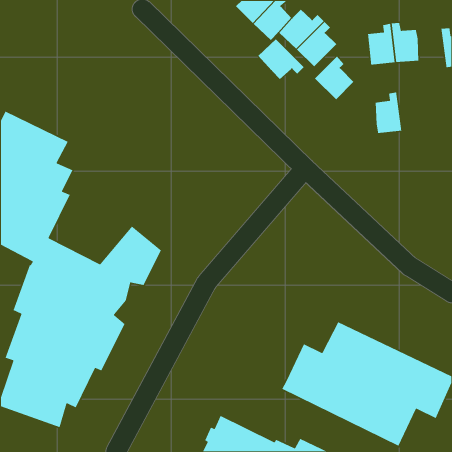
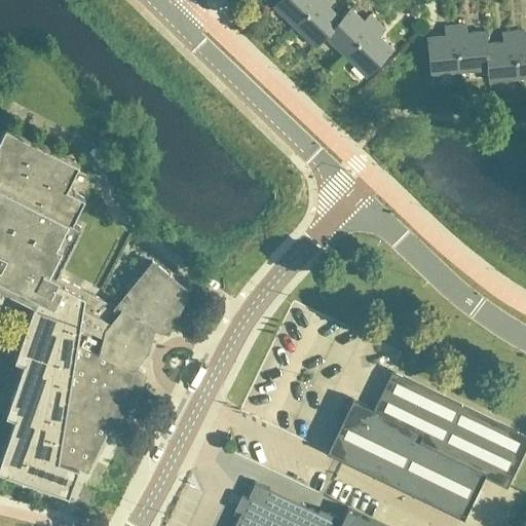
building: [258,38,304,80] -> none
building: [314,56,354,100] -> none
building: [375,91,402,134] -> [486,33,518,82]

